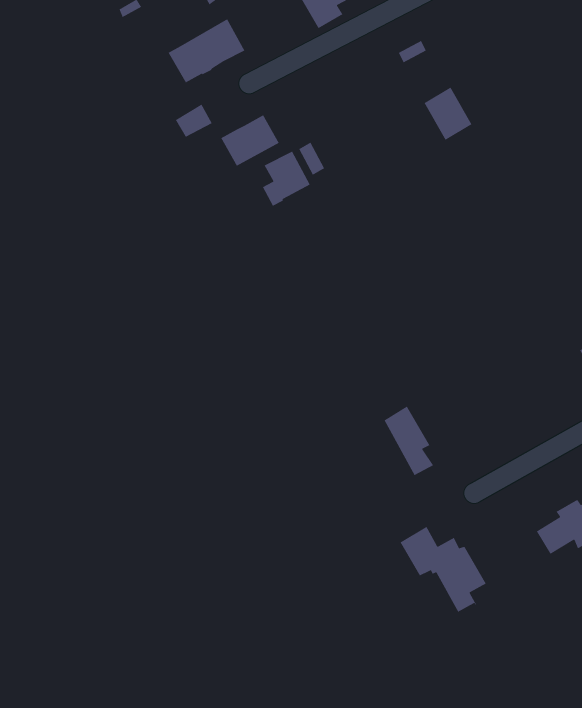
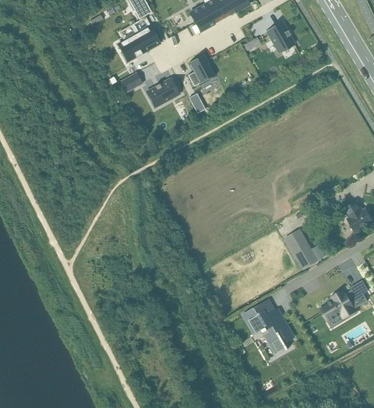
building: [424,87,472,141] -> [267,21,294,51]
building: [262,150,311,207] -> [188,54,215,85]
building: [383,406,434,476] -> [286,228,314,267]

